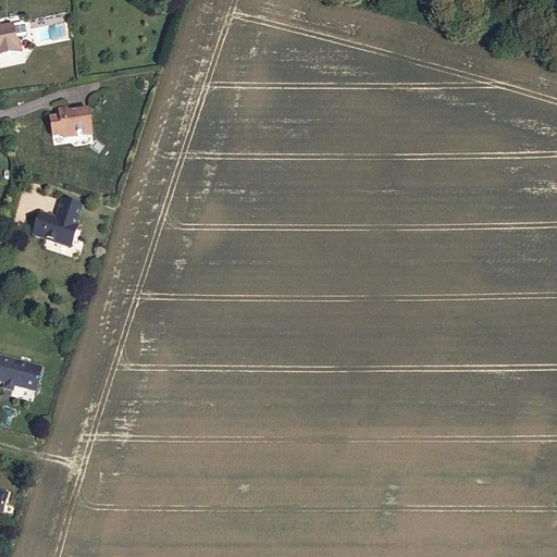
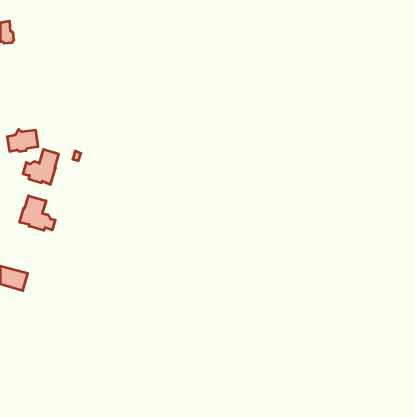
building: [46,109,87,138] -> [7,129,38,151]
building: none -> [20,196,55,230]

